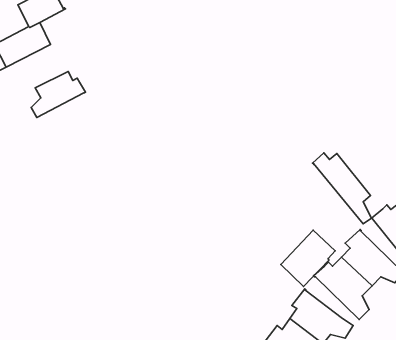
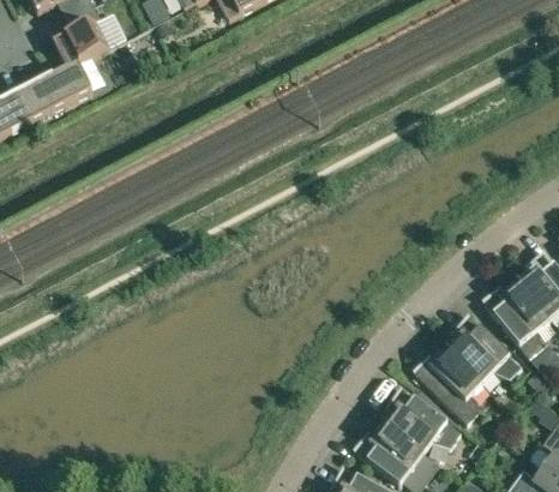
building: [31,71,86,117] -> none
building: [313,153,371,224] -> none
building: [281,230,335,287] -> none

